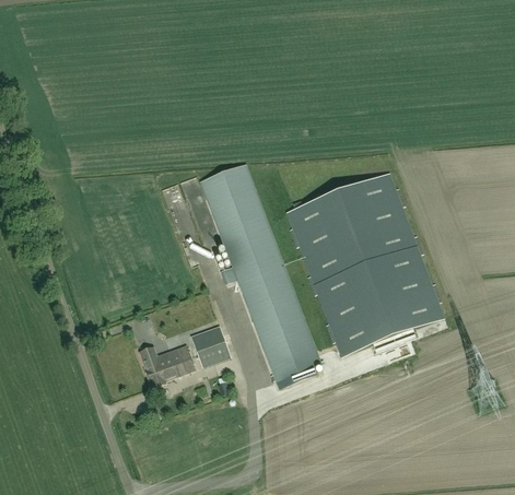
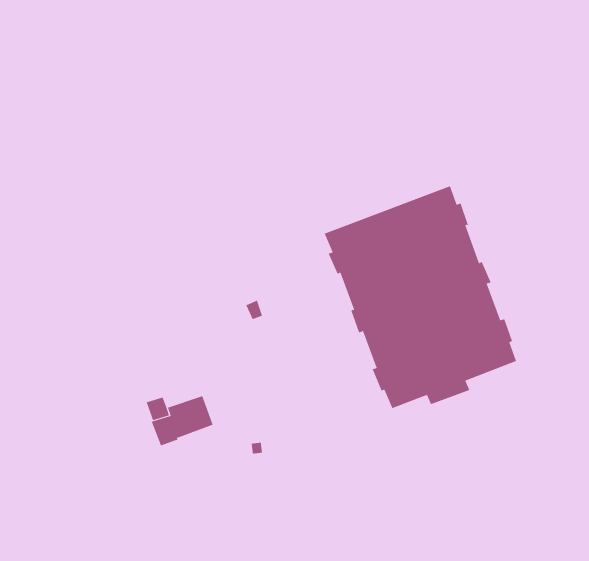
building: [199,163,321,387] -> none
building: [189,325,230,366] -> none

